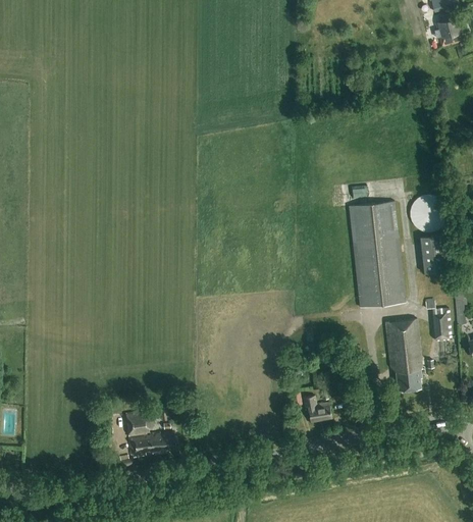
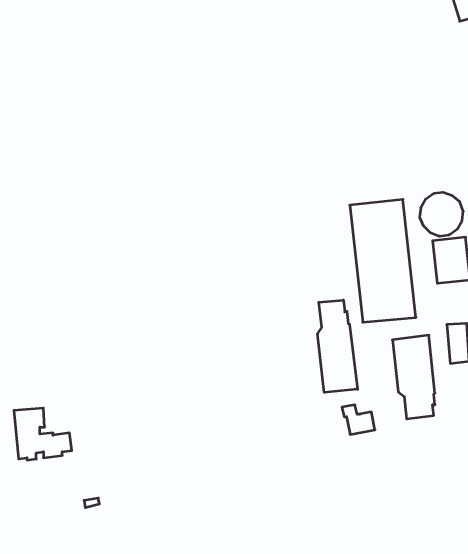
building: none -> [318,300,358,392]
building: [303,396,331,421] -> [342,405,375,434]
building: [125,411,175,456] -> [14,408,72,460]

